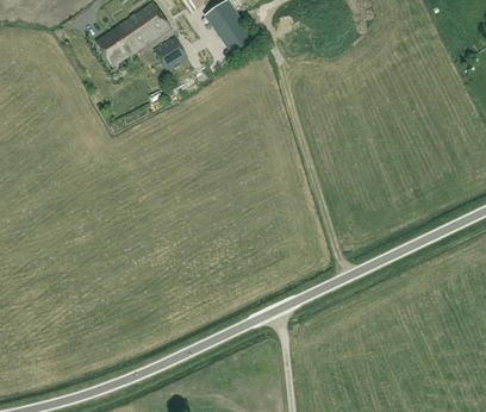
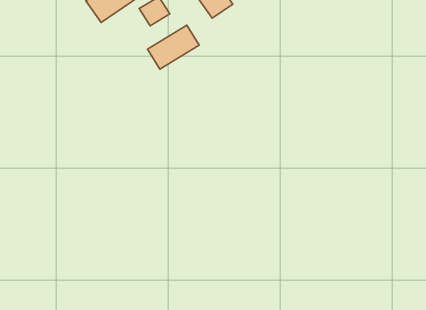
building: none -> [147,25,199,69]

